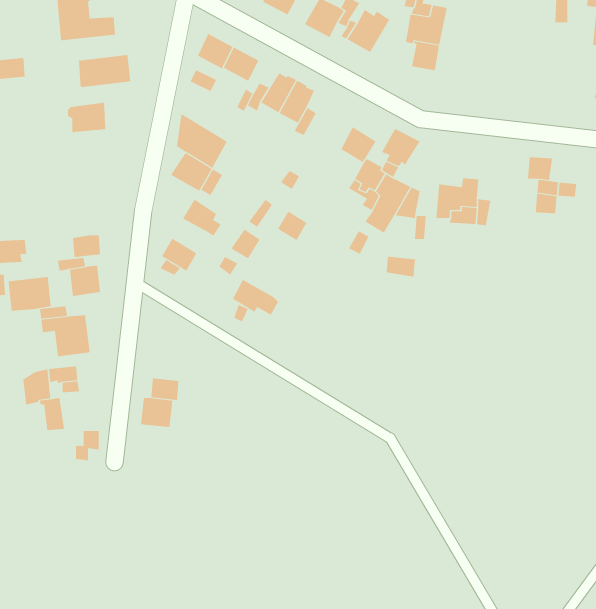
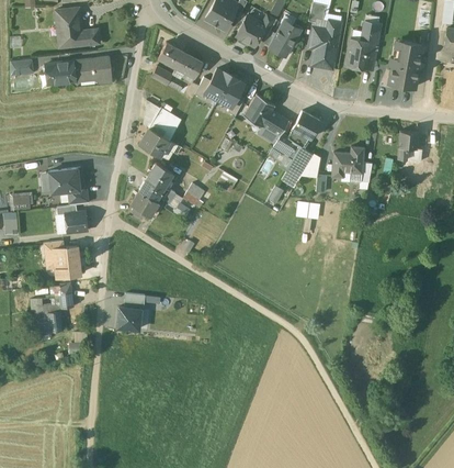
building: none -> [347,23,379,69]
building: none -> [387,41,421,88]
building: [67,102,106,132] -> [44,62,72,83]
building: none -> [243,94,274,126]
building: [8,277,52,311] -> [48,167,80,192]
building: [232,279,279,315] -> [139,177,173,203]

